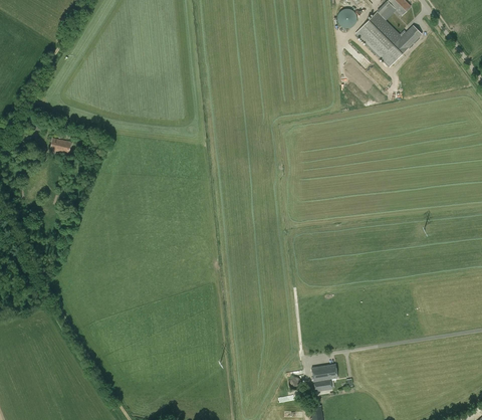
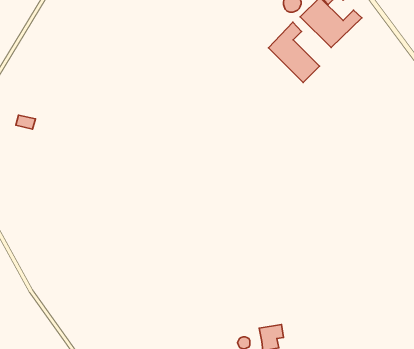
building: none -> [269,22,319,82]

